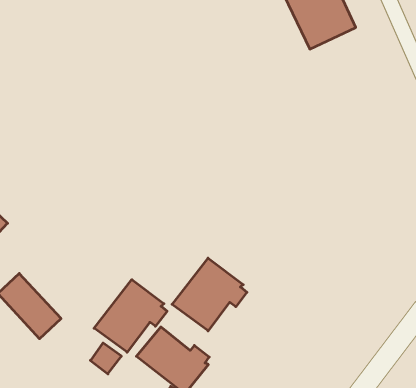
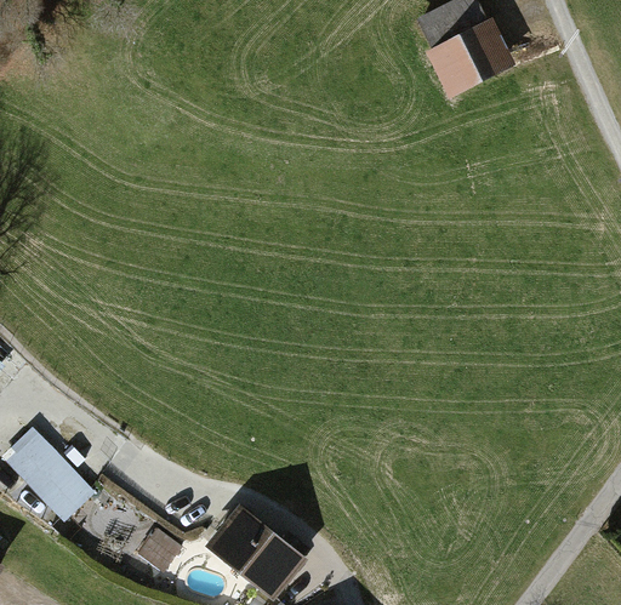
building: [172,258,247,331] -> none
building: [94,280,167,352] -> none

